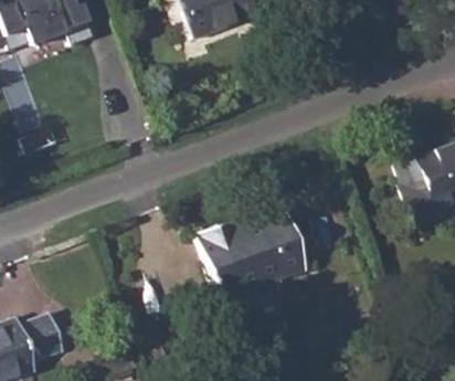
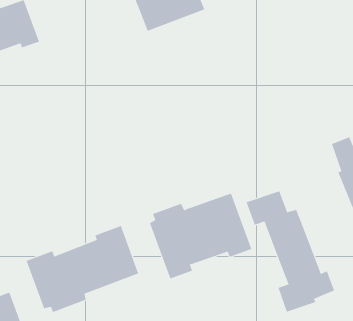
building: none -> [246,190,335,313]
building: none -> [26,225,139,313]

